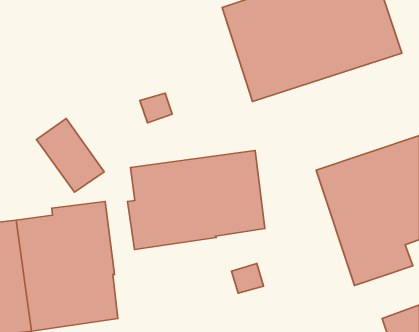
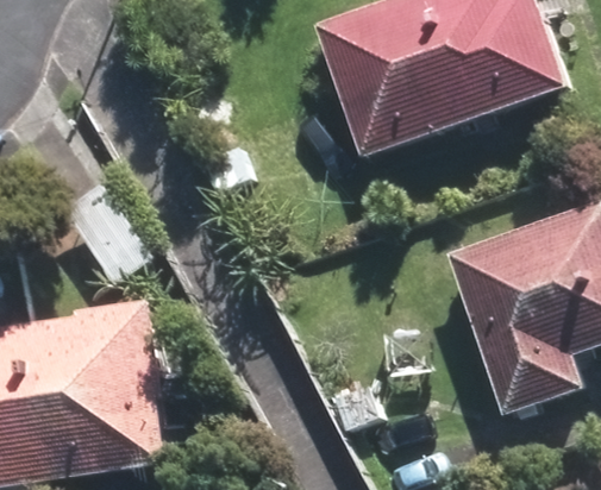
building: [127,150,265,249] -> none

